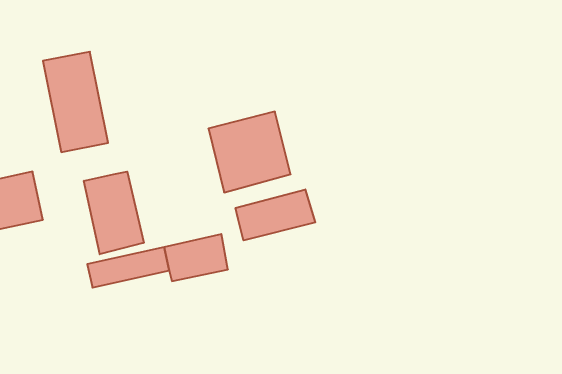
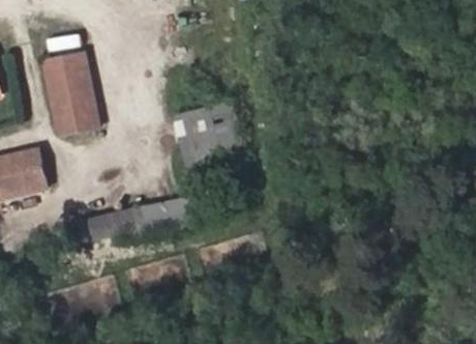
building: [84,172,144,254] -> none
building: [236,189,315,240] -> none

